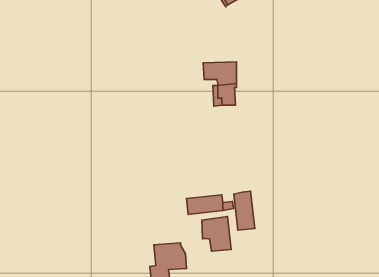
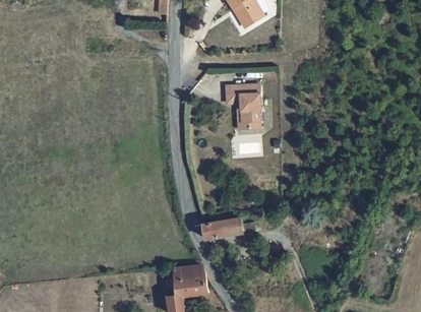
building: [234,191,255,230] -> none
building: [202,217,231,251] -> none

